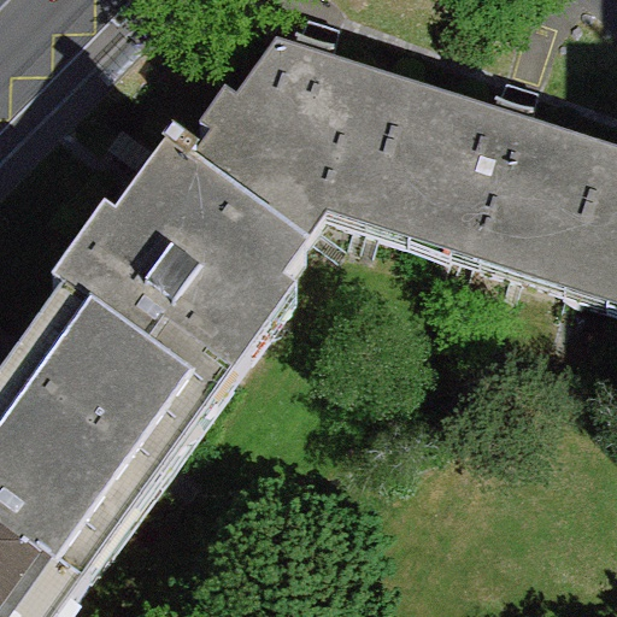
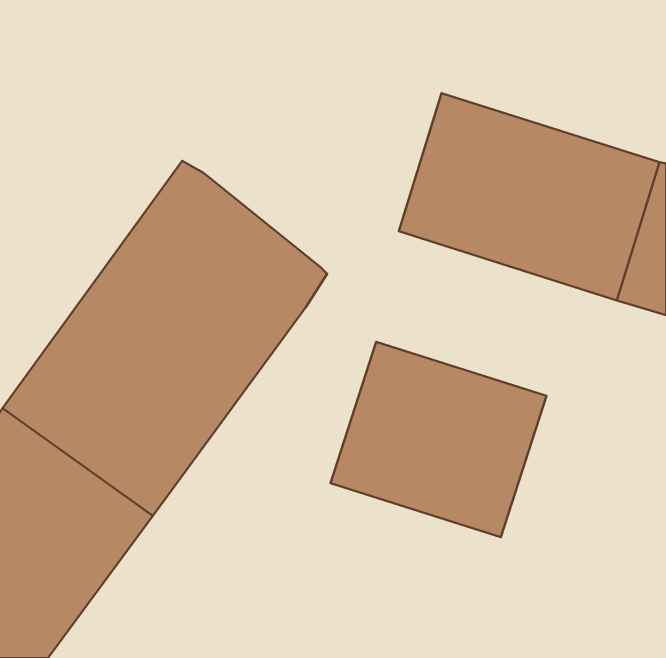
building: [184,42,400,242] -> none
building: none -> [330,342,547,537]

